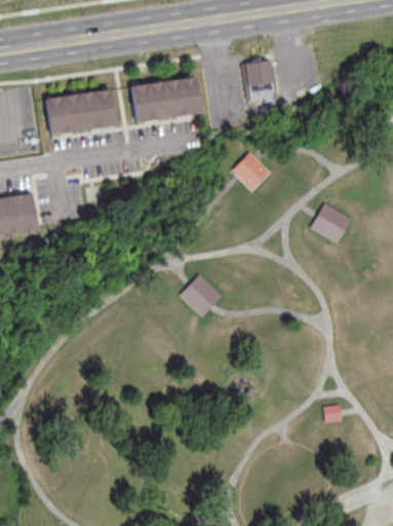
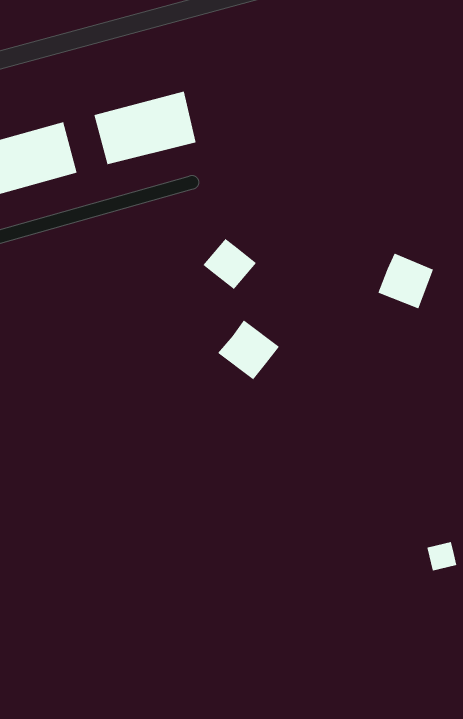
building: [245,61,276,103] -> none
building: [231,152,268,188] -> [202,238,257,290]
building: [179,274,222,316] -> [217,319,280,380]

